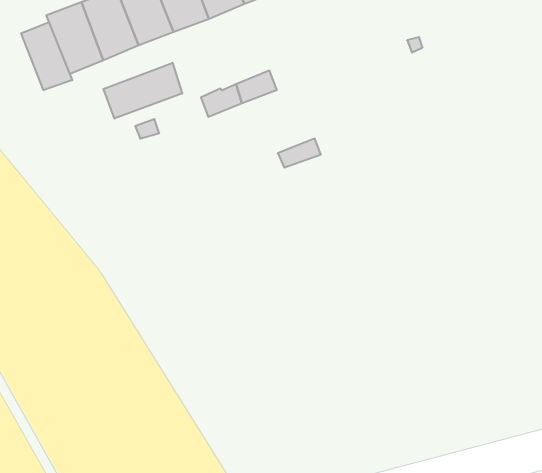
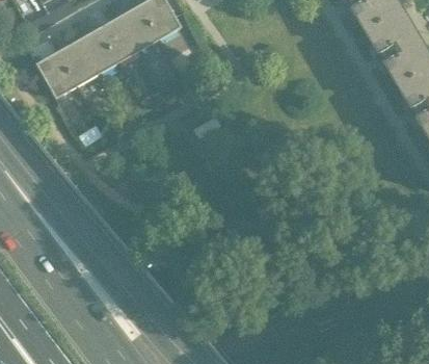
building: [21,22,72,90] -> none
building: [103,63,182,119] -> none

